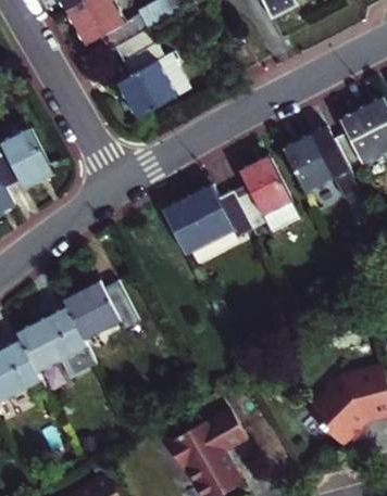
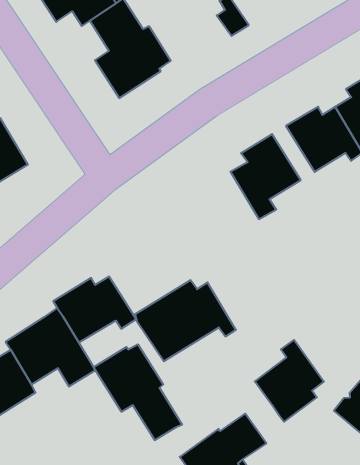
building: [164,187,254,258] -> [135,280,236,361]
building: none -> [94,344,182,440]
building: none -> [255,340,324,422]

